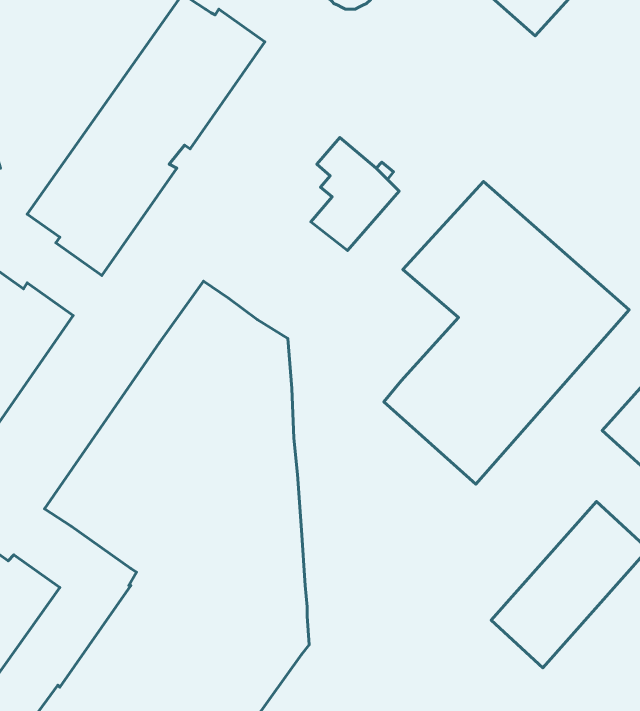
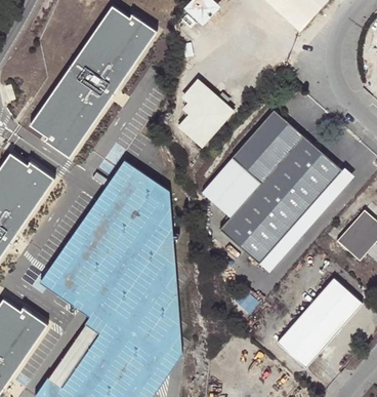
building: none -> [201,154,260,213]

